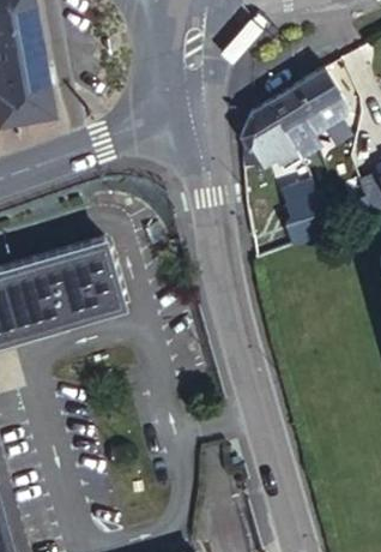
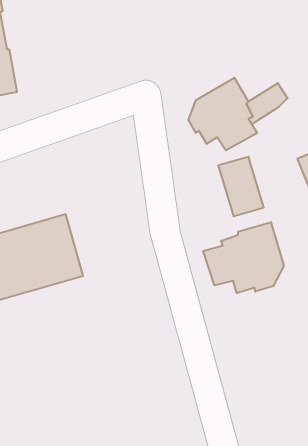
building: [292,72,340,119] -> none
building: none -> [203,222,284,293]

